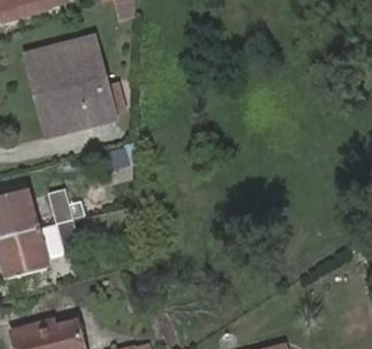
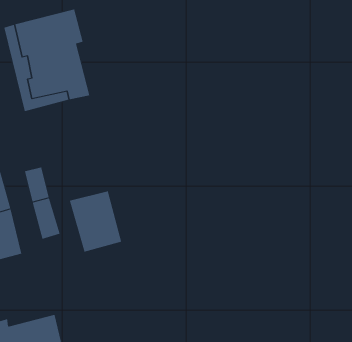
building: none -> [69,190,122,253]

